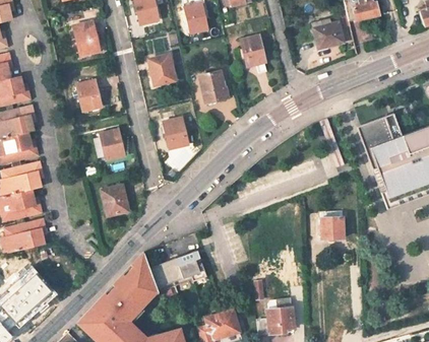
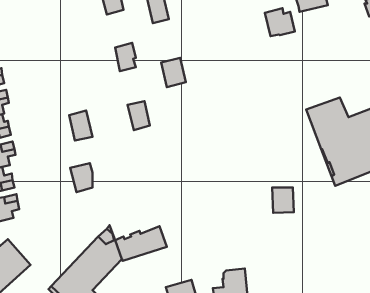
building: [72,21,100,56] -> none
building: [240,36,265,71] -> none
building: [76,79,101,111] -> none

